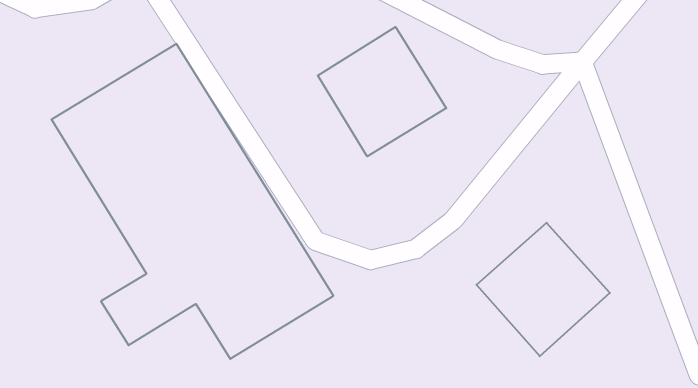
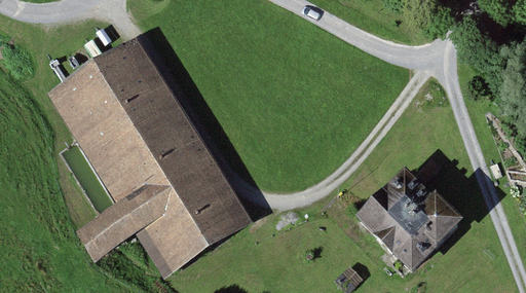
building: [318,27,446,156] -> none

